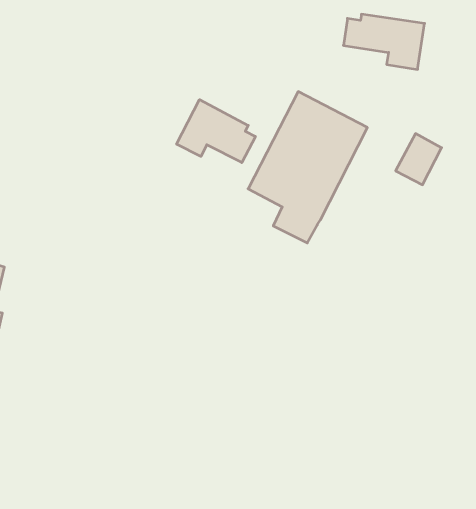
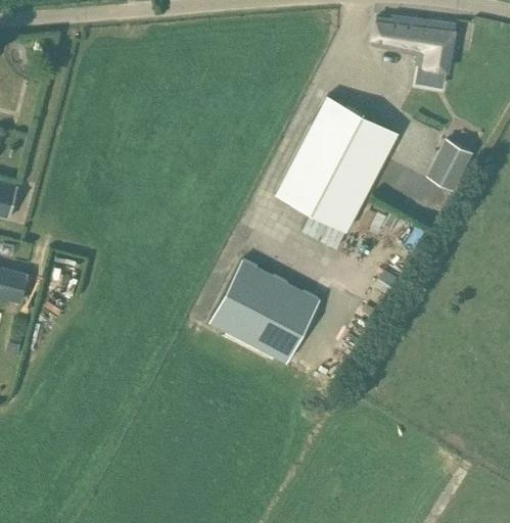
building: [177,100,255,163] -> none
building: none -> [208,259,319,363]

